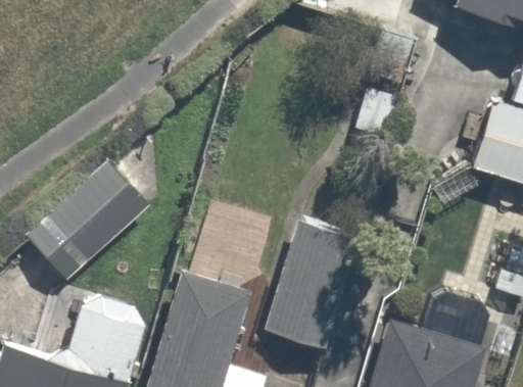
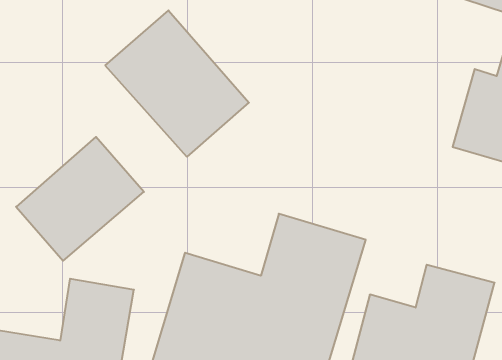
building: none -> [105,10,249,157]

